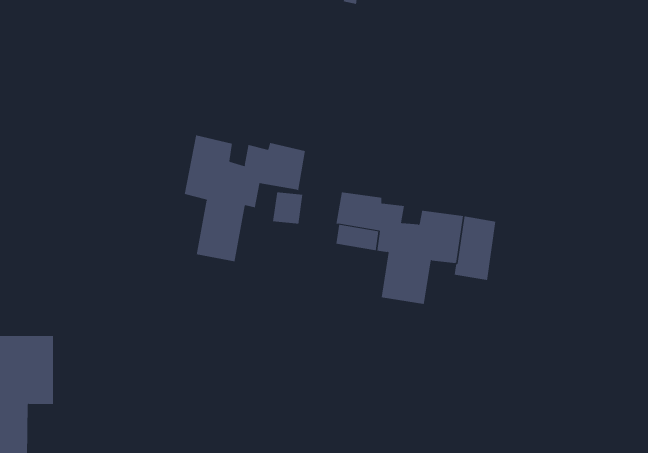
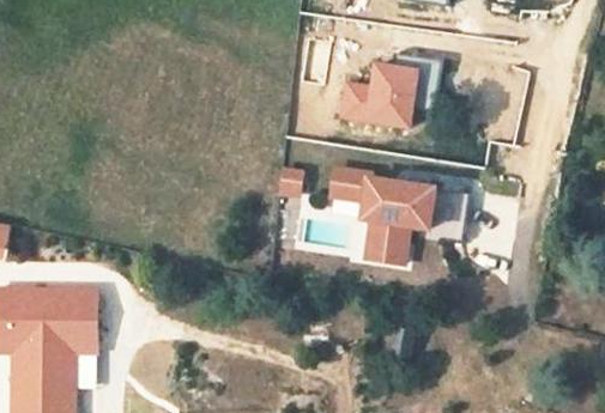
building: none -> [340,62,416,128]
building: [184,135,305,262] -> none

